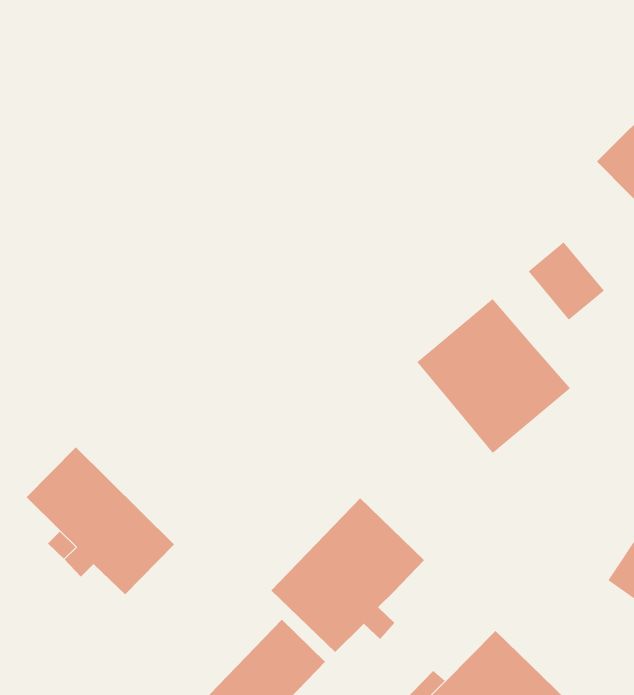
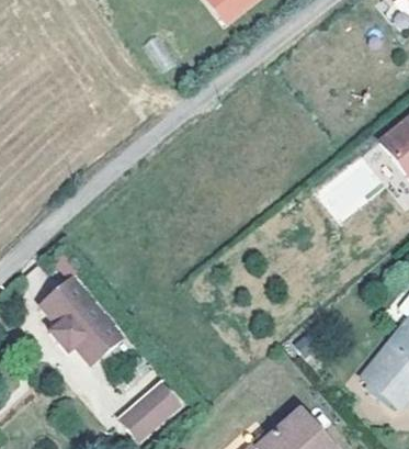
building: [417,298,571,454] -> none
building: [271,498,425,653] -> none

